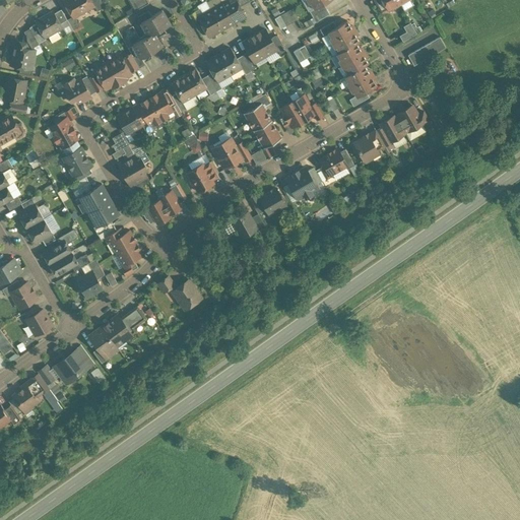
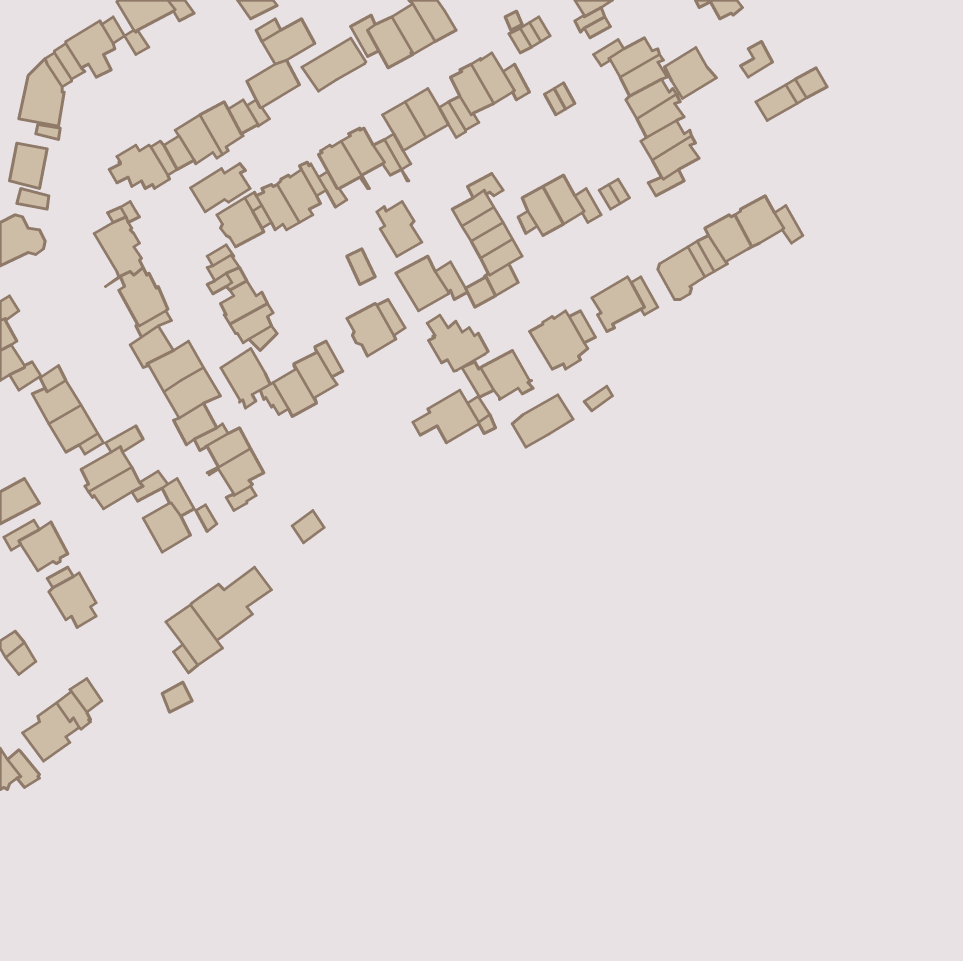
building: none -> [302,38,366,91]
building: none -> [665,47,717,99]
building: none -> [191,164,250,212]
building: none -> [377,201,422,257]
building: none -> [427,315,488,371]
building: none -> [221,349,271,408]
building: none -> [512,395,573,447]
building: [173,280,201,310] -> none
building: [55,347,90,383] -> none

